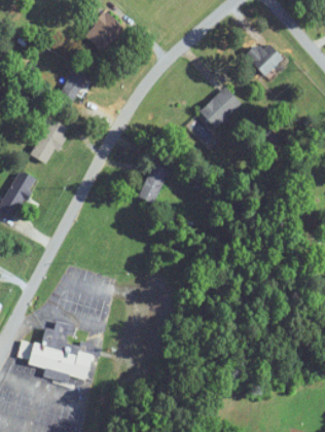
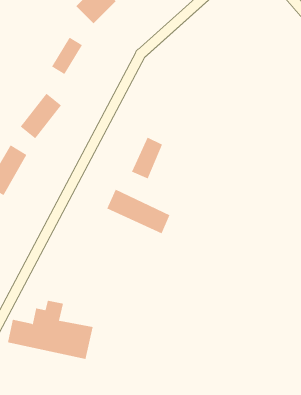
building: [245,42,283,76] -> none
building: [200,86,241,129] -> none
building: none -> [106,189,170,234]

